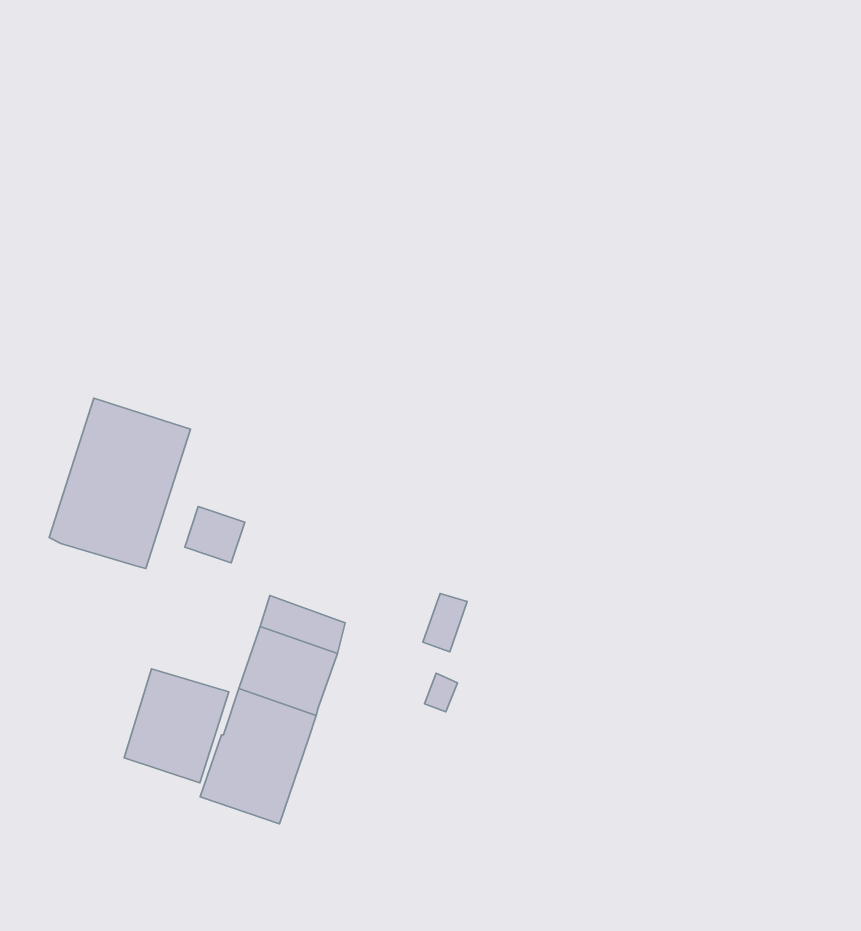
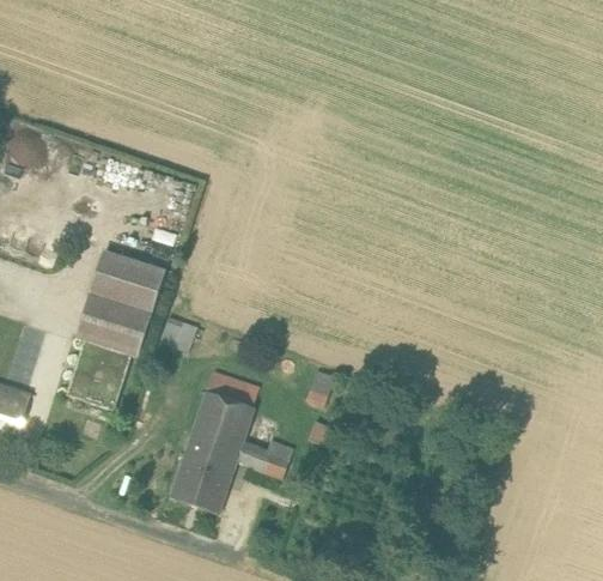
building: [124,669,229,783] -> [67,339,132,410]
building: none -> [237,438,294,477]

